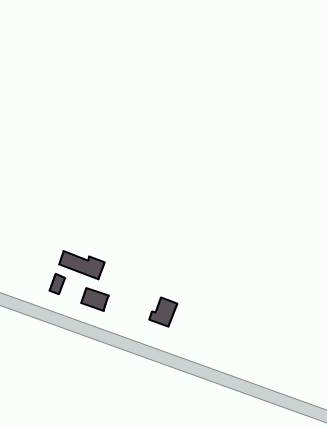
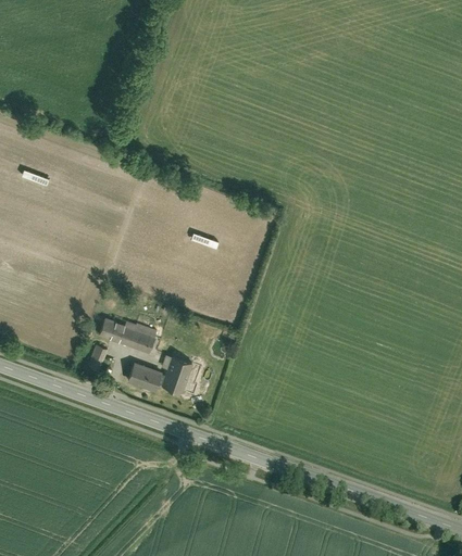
building: [149,298,177,327] -> [157,356,191,392]

